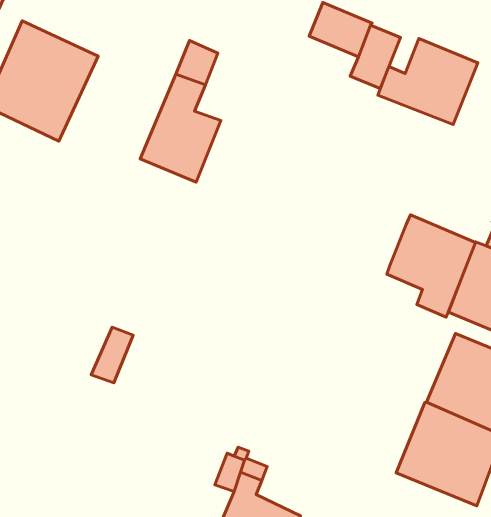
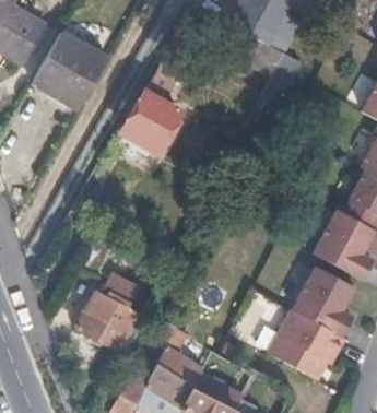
building: [378,39,478,124] -> none
building: [387,215,475,317] -> none
building: none -> [76,276,139,352]

